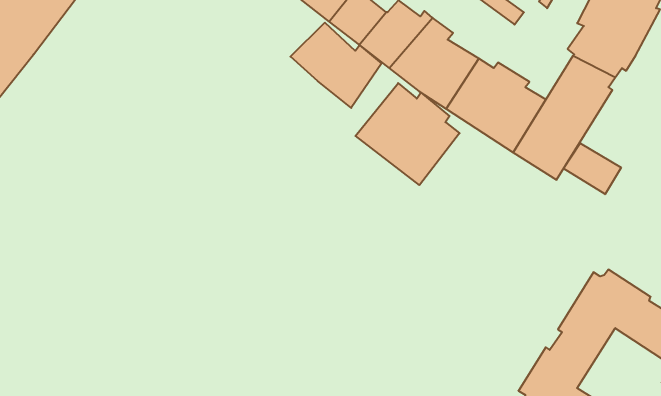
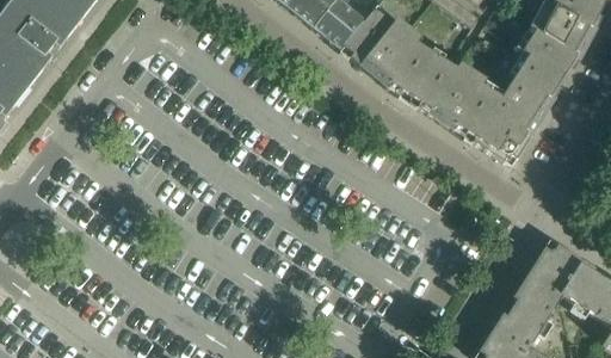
building: [290,23,381,108] -> none
building: [355,83,460,185] -> none
building: [564,143,621,194] -> none

